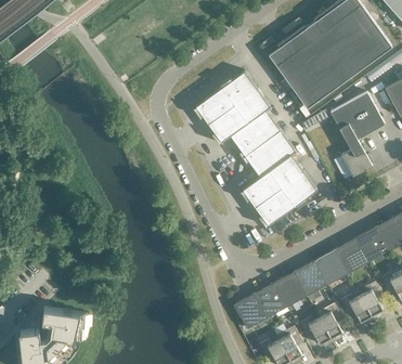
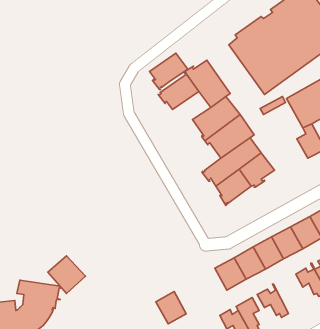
building: [208,104,249,143] -> [149,53,188,90]
building: none -> [48,256,85,293]
building: [234,294,267,328] -> [156,292,186,324]
building: [316,303,342,342] -> none

